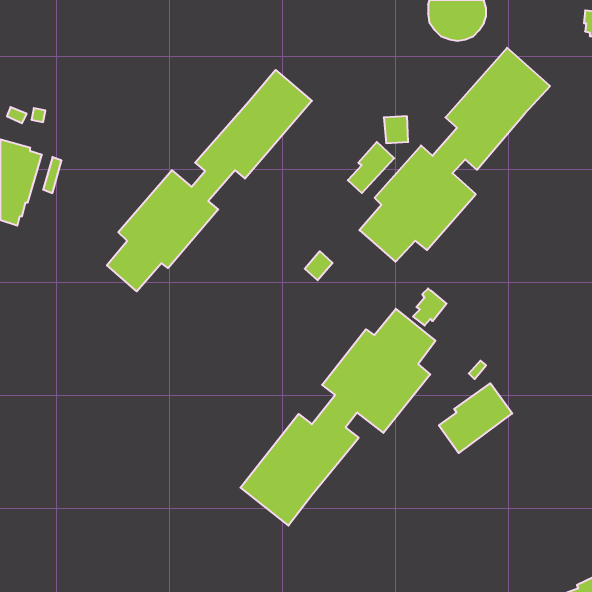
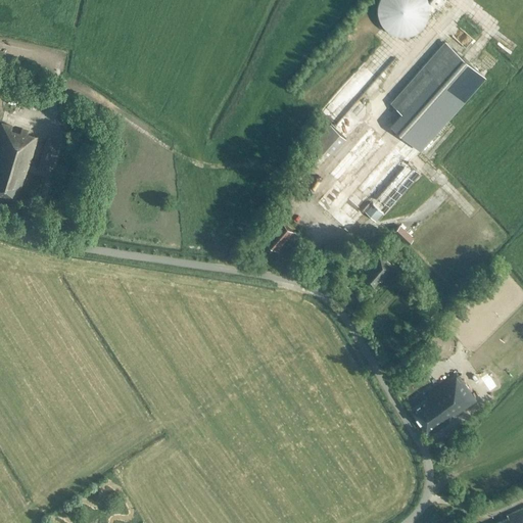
building: [107,70,312,291] -> none
building: [240,309,435,526] -> none
building: [439,383,512,453] -> [412,374,476,435]

